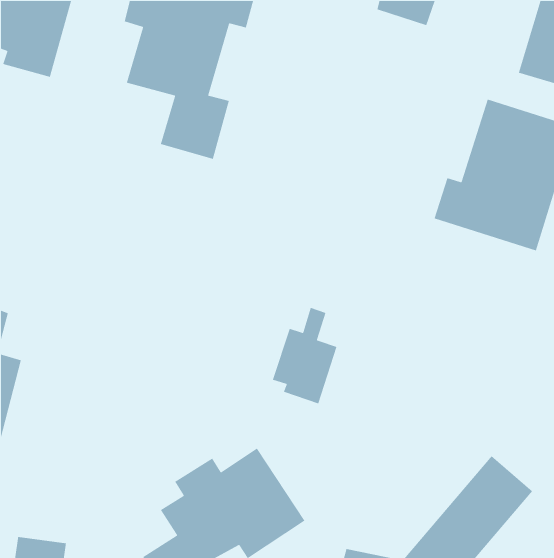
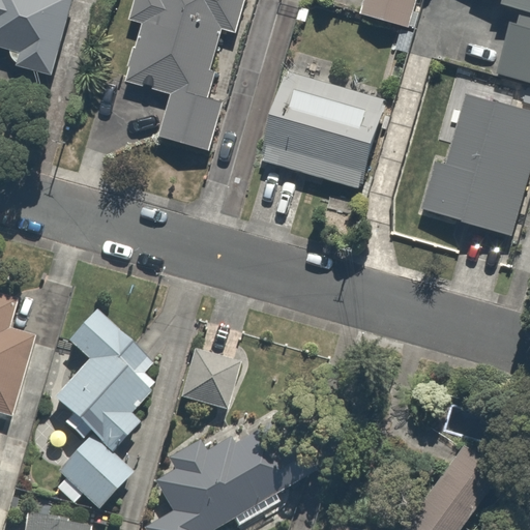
building: none -> [267,70,386,184]
building: [272,307,337,404] -> [179,327,241,419]
building: none -> [48,305,155,509]

